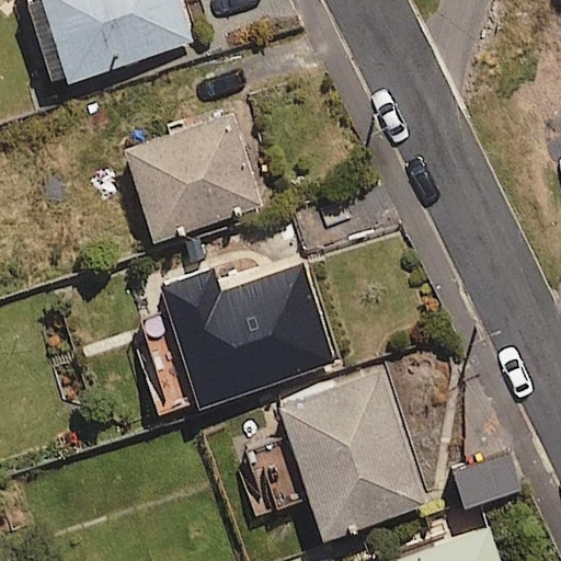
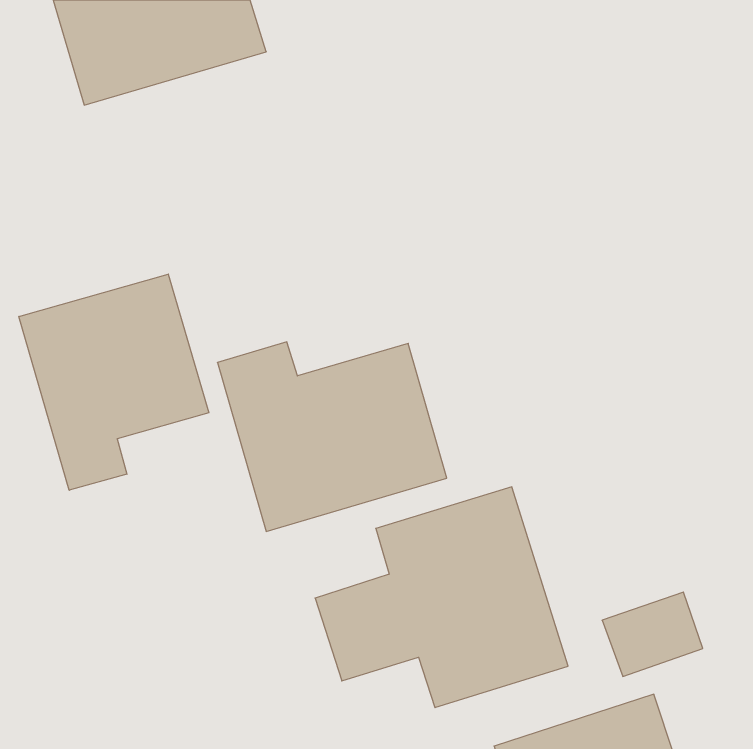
building: [126,119,261,245] -> none
building: none -> [19,274,209,490]

